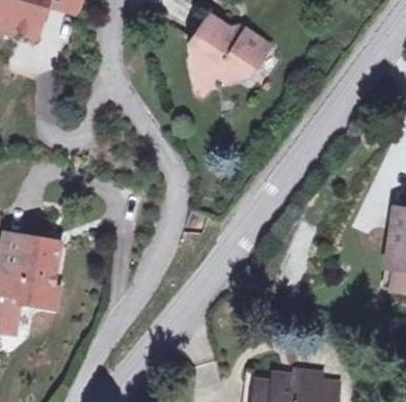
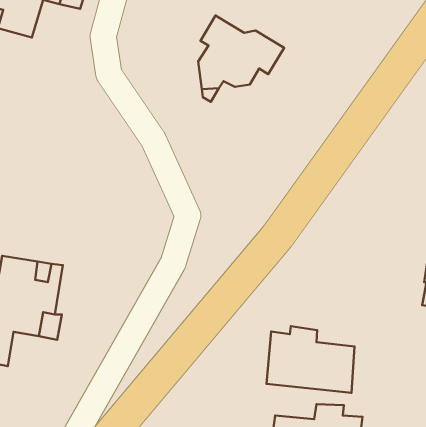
building: none -> [267,326,354,393]

